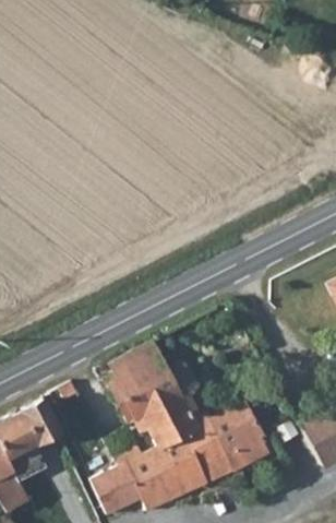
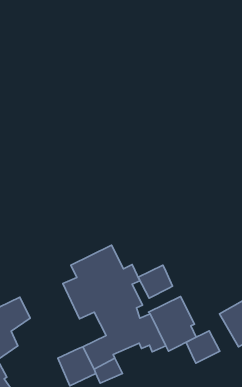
building: none -> [138,265,173,298]
building: none -> [186,331,220,363]
building: [164,462,207,500] -> none

